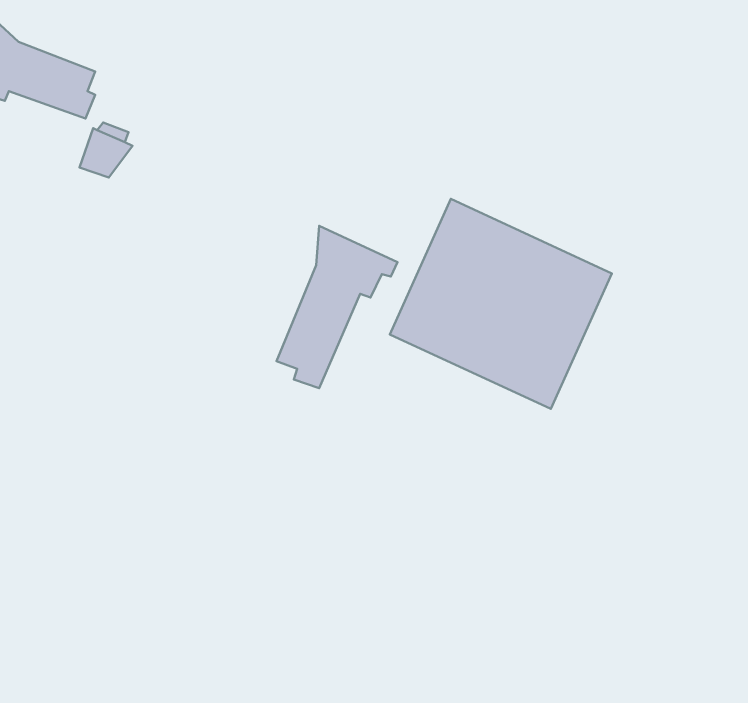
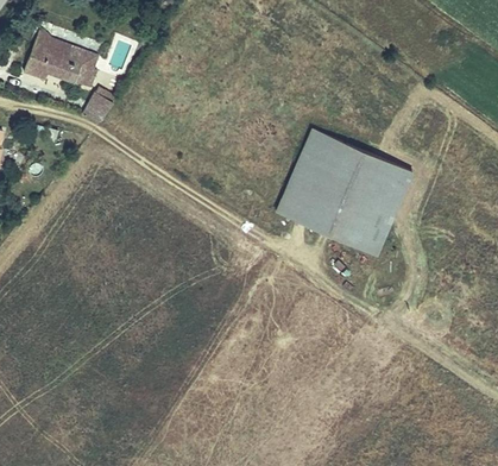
building: [277,226,397,388] -> none

